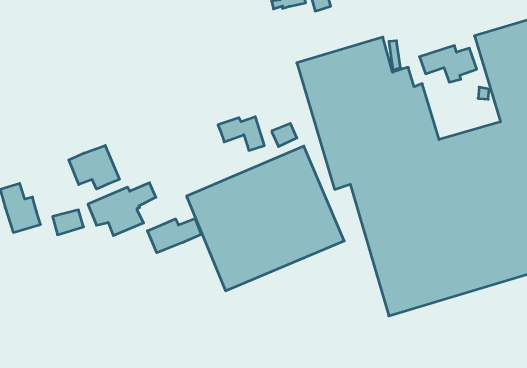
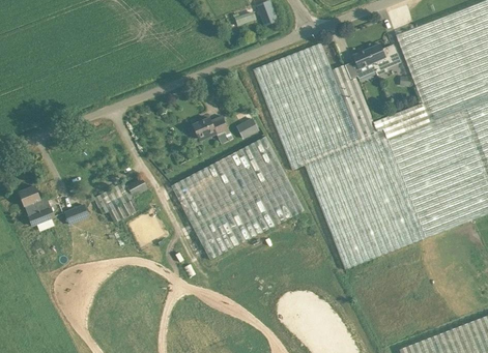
building: [69,145,119,189] -> none
building: [147,219,201,253] -> none

